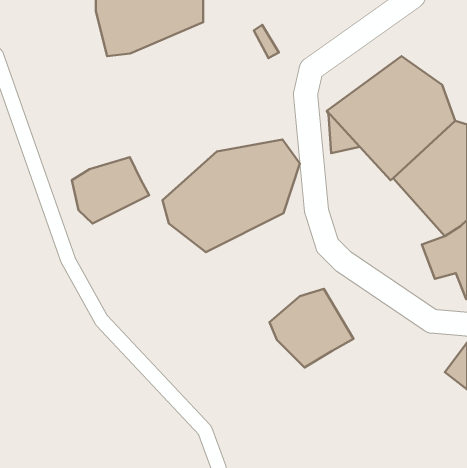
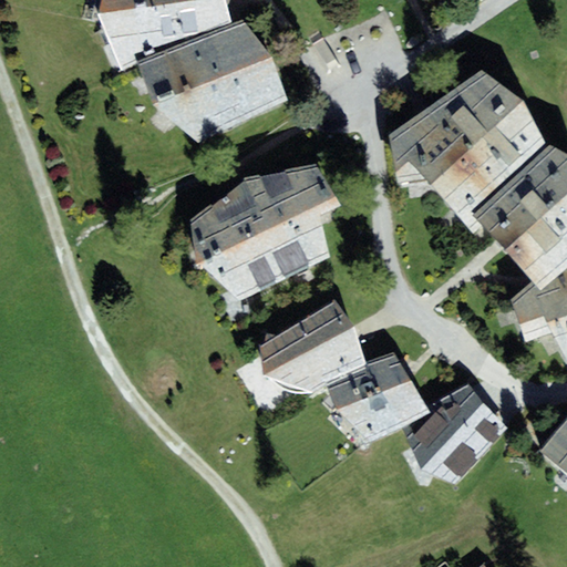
building: none -> [156,21,301,143]
building: [72,157,149,224] -> none
building: none -> [254,293,360,392]
building: none -> [399,388,495,478]

